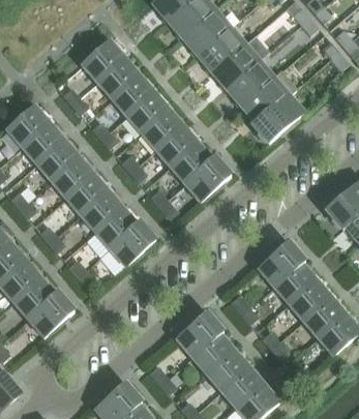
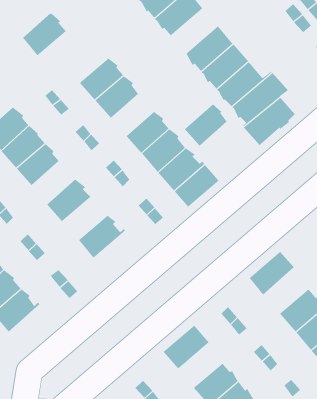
building: [183,10,229,54] -> none
building: [82,40,124,82] -> [22,13,67,56]
building: [126,92,168,132] -> [184,104,228,146]
building: [51,156,93,198] -> none
building: [80,190,123,232] -> none
building: [110,222,154,266] -> none
building: [271,258,315,302] -> none
building: [29,293,73,336] -> none
building: [190,329,233,372] -> none

